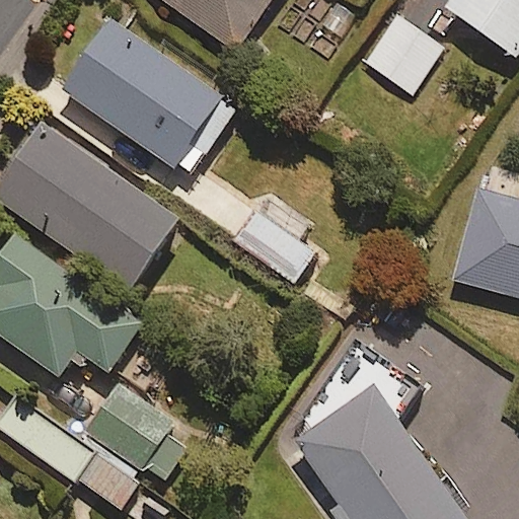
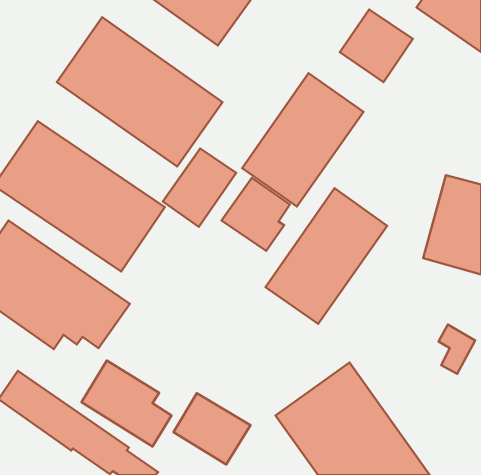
building: none -> [242,73,363,206]
building: none -> [163,148,236,227]
building: none -> [265,188,387,324]
building: none -> [174,393,250,464]

